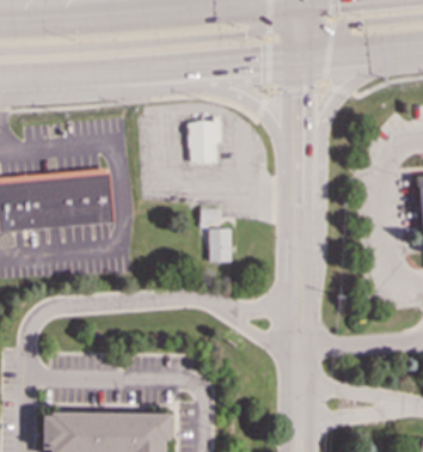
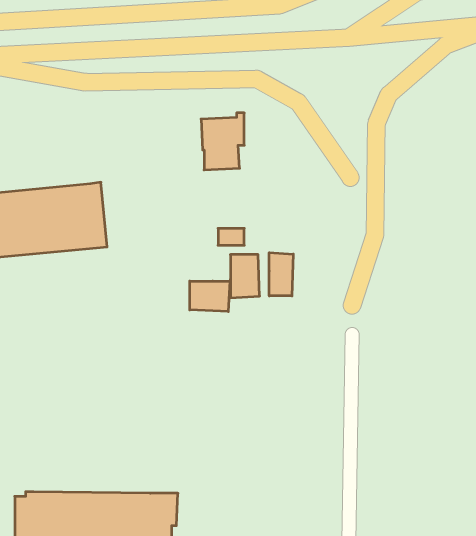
building: none -> [269,253,293,296]
building: none -> [190,281,230,312]

